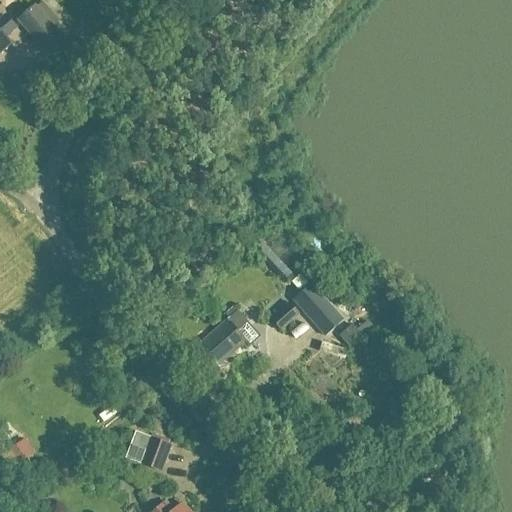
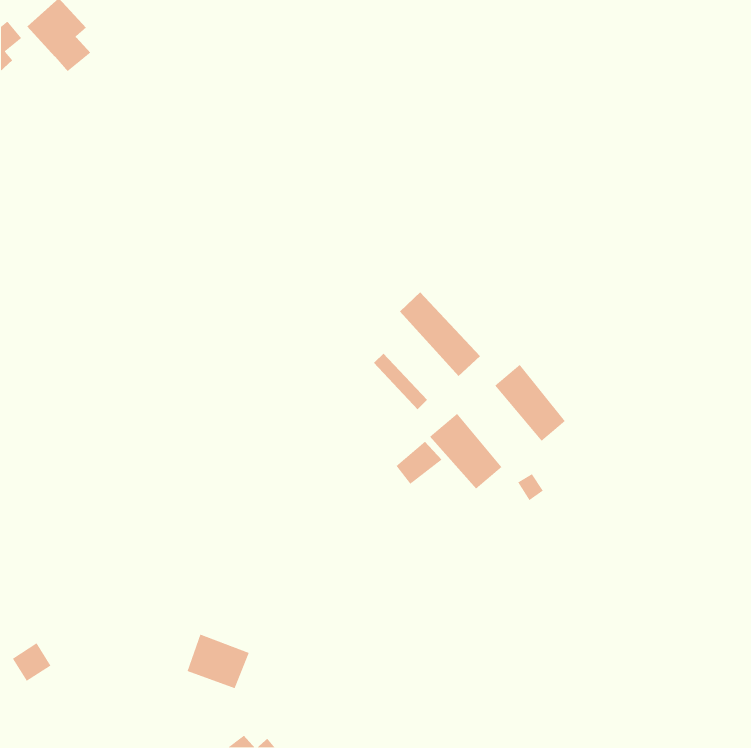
building: none -> [399,292,481,377]
building: none -> [494,364,566,442]
building: [198,309,260,366] -> none

